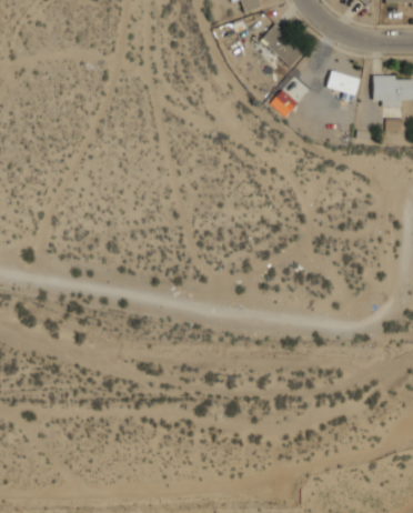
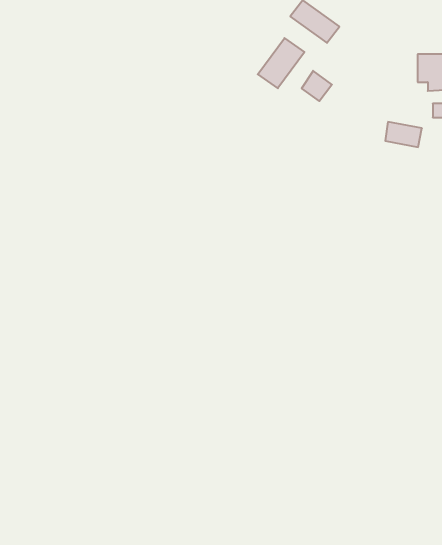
building: none -> [258,38,304,88]
building: [328,72,360,94] -> [385,122,422,147]

